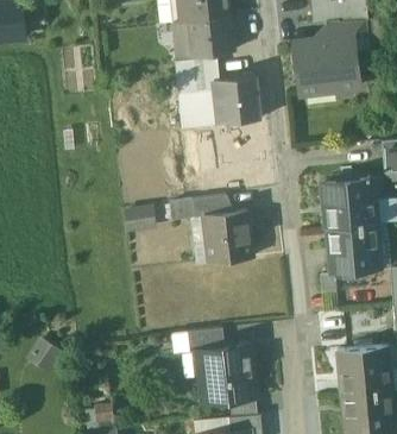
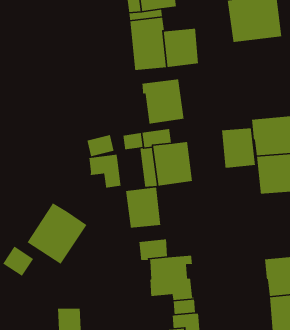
building: none -> [142,78,185,125]
building: none -> [221,128,256,169]
building: none -> [88,154,122,188]
building: none -> [125,186,161,228]
building: none -> [26,202,88,265]

